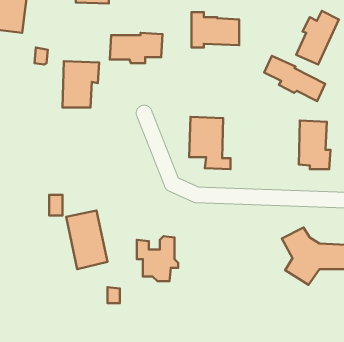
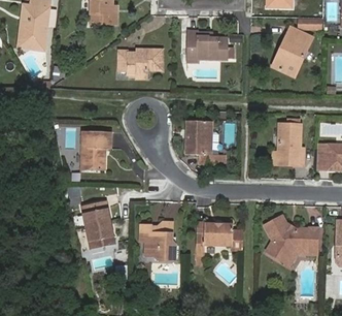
building: [264,56,325,101] -> none
building: [62,61,99,108] -> [80,130,111,169]
building: none -> [195,222,242,264]

